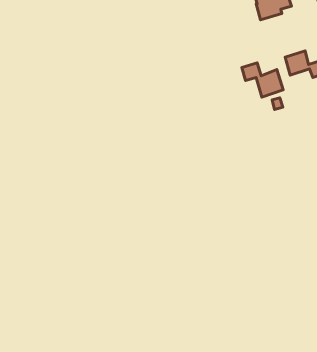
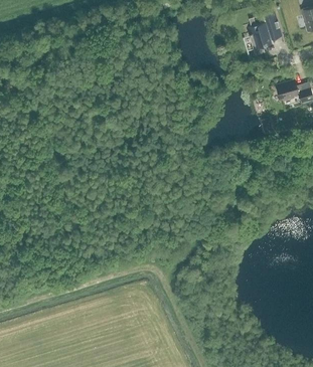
building: [242,63,283,97] -> none

